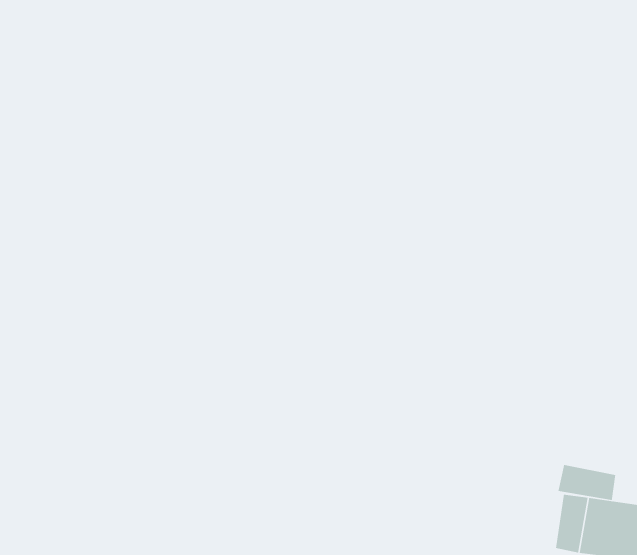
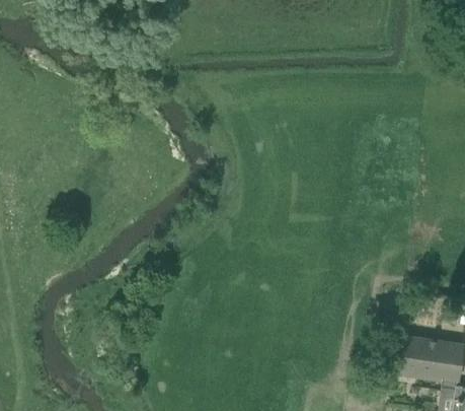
building: [558,464,616,501] -> none

